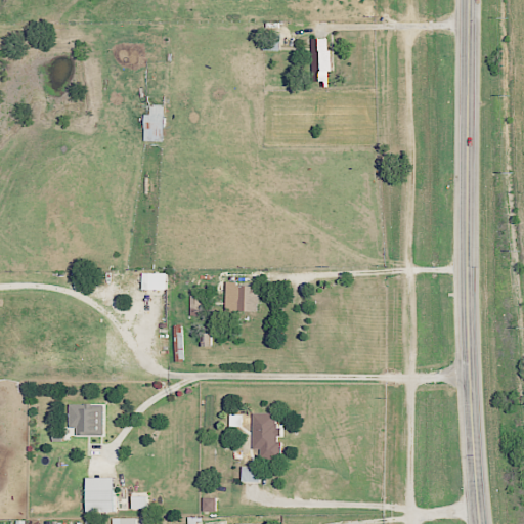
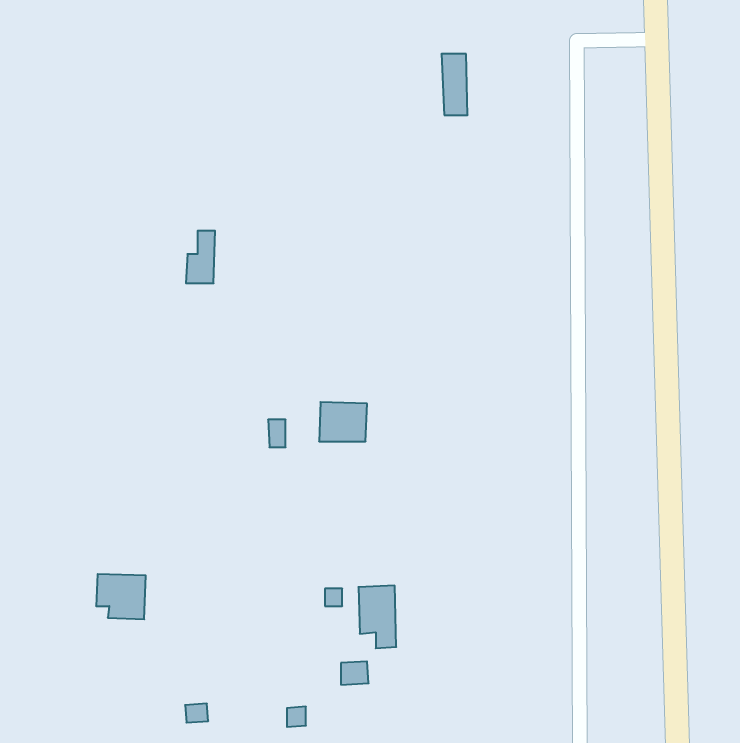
building: [142,105,163,142] -> [186,231,215,283]
building: [141,273,166,290] -> none
building: [86,477,114,511] -> none

